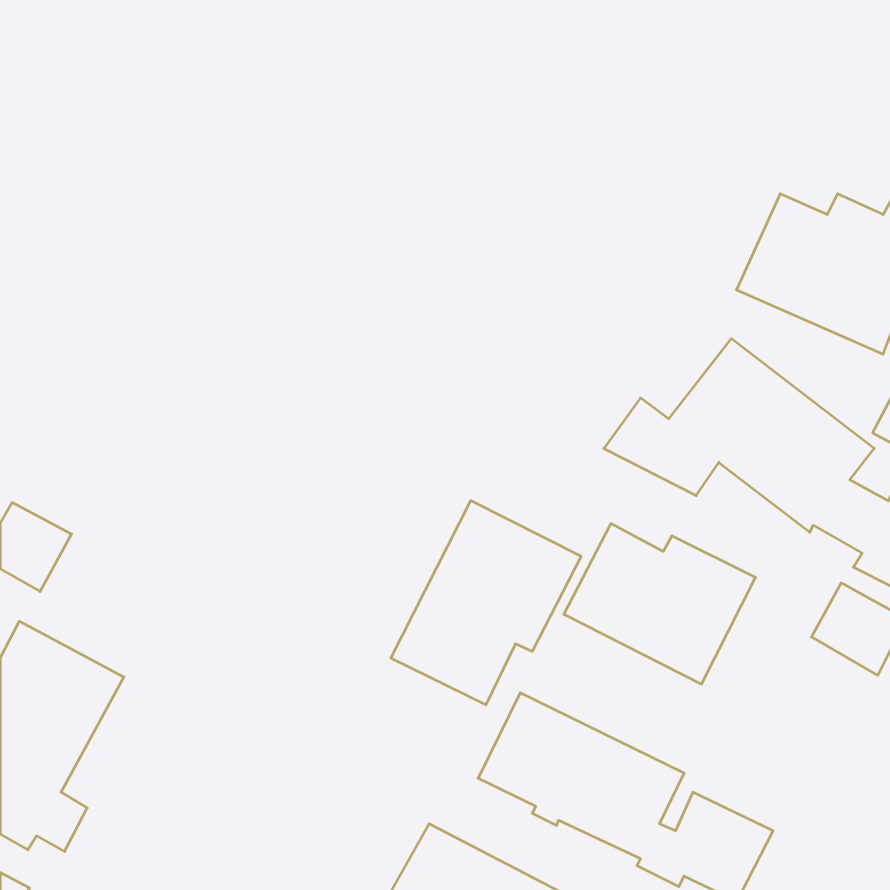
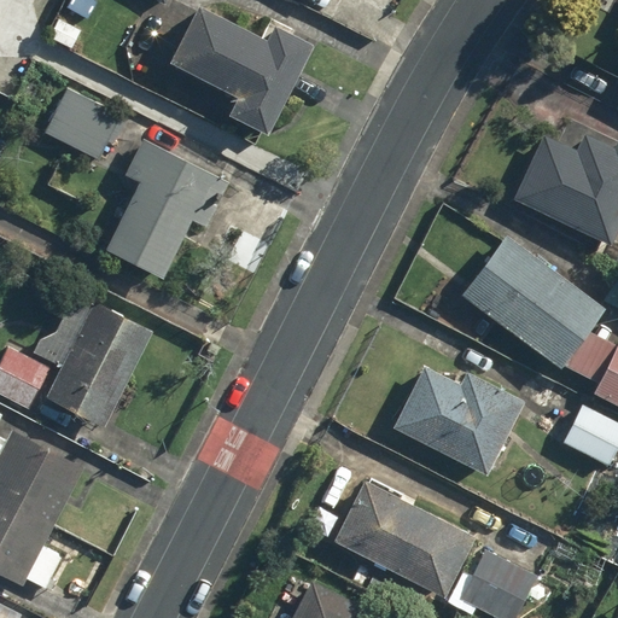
building: none -> [167,6,313,133]
building: none -> [43,88,231,279]
building: none -> [37,302,151,427]
building: [391,501,581,705] -> none

